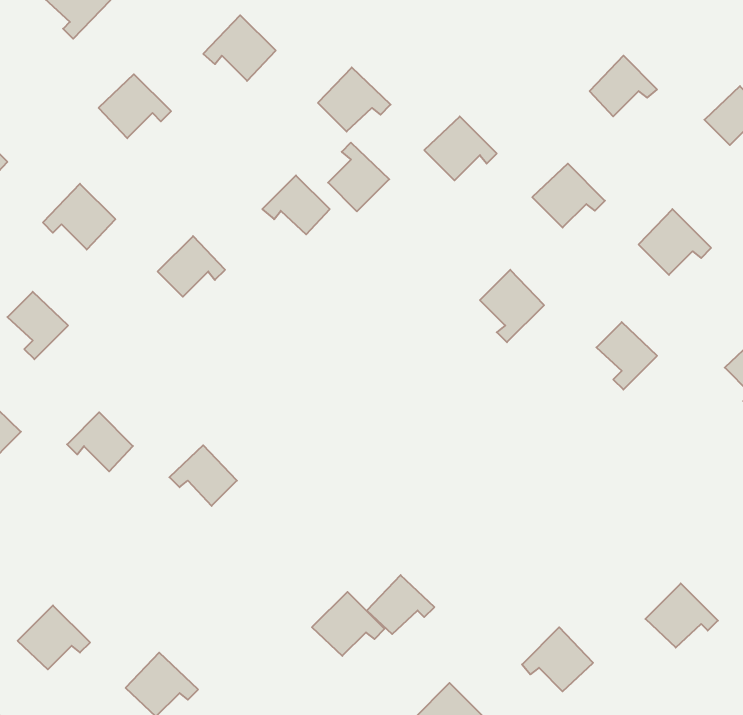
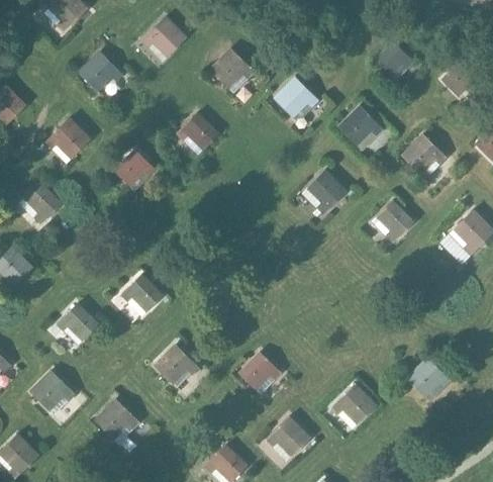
building: [328,143,389,211] -> none
building: [67,412,133,471] -> [58,304,97,340]
building: [312,592,384,656] -> [155,345,198,383]

